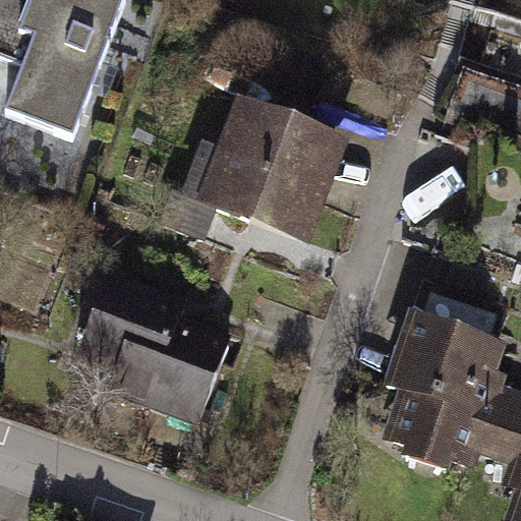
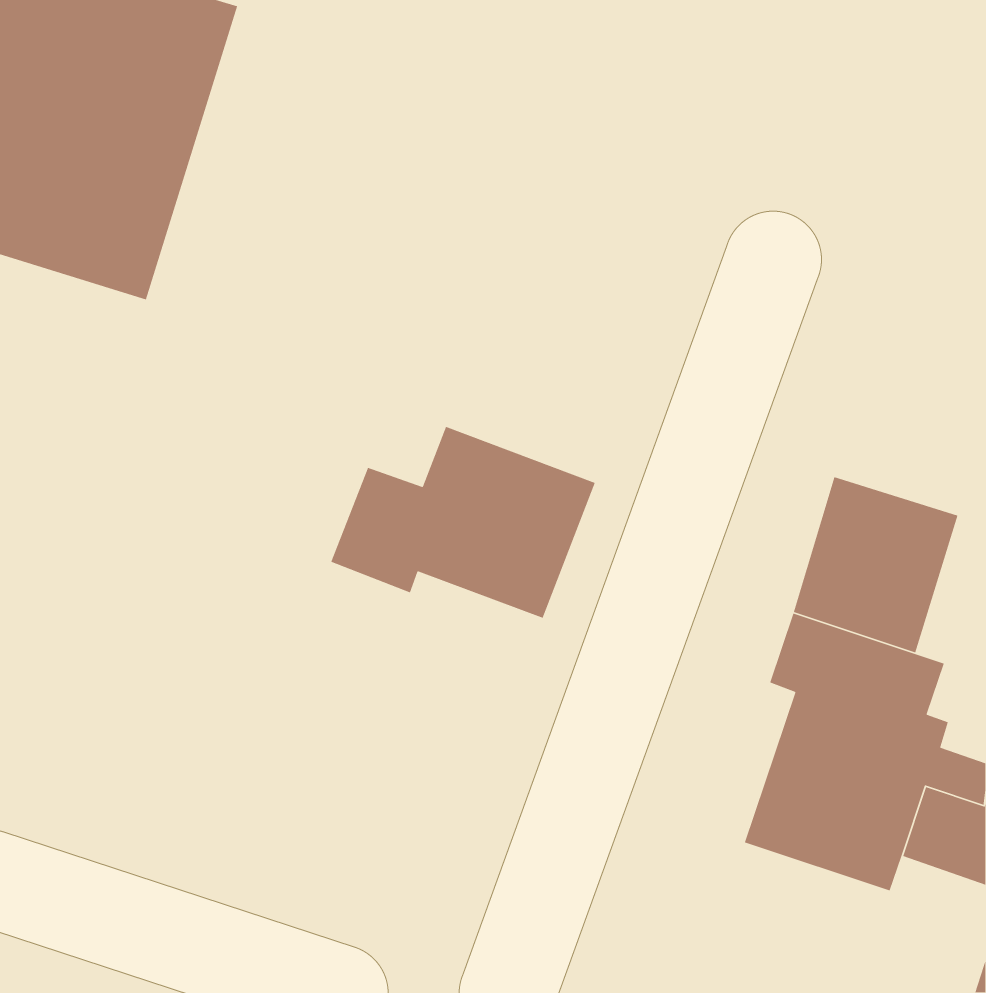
building: [182,124,321,225] -> [330,426,596,619]
building: [79,282,225,424] -> none

